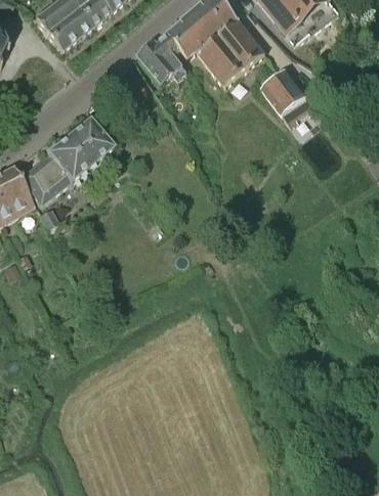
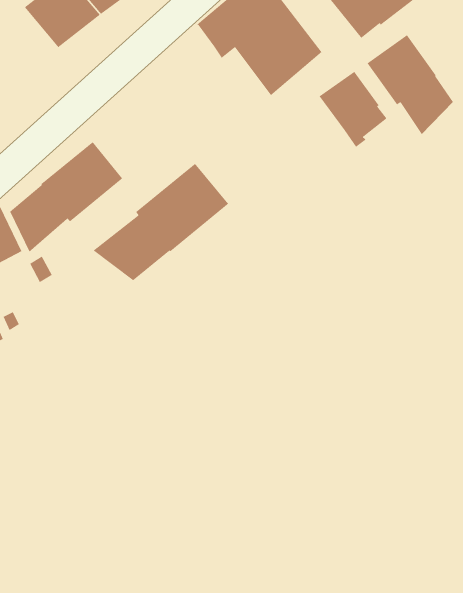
building: [137,33,186,85] -> none
building: none -> [367,34,454,135]
building: none -> [92,163,229,281]

